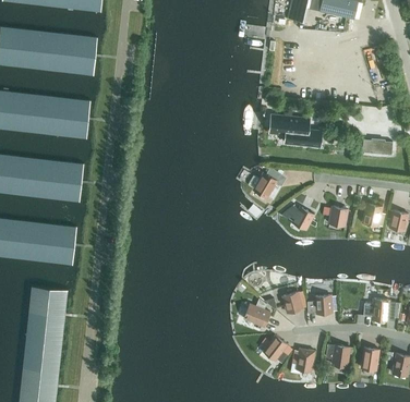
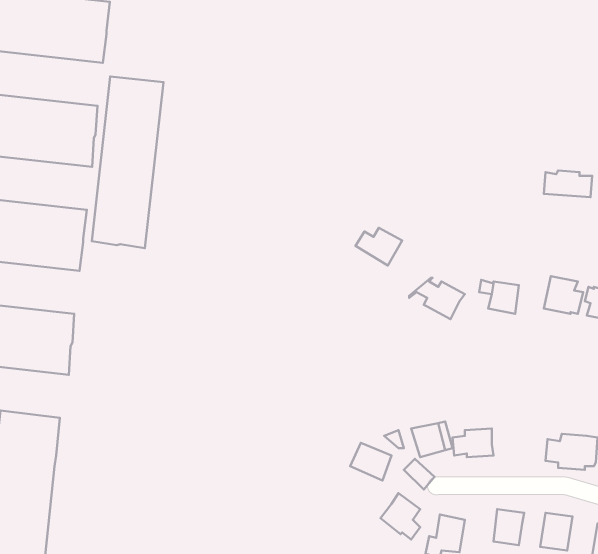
building: none -> [92,77,164,248]
building: [267,115,321,150] -> none

